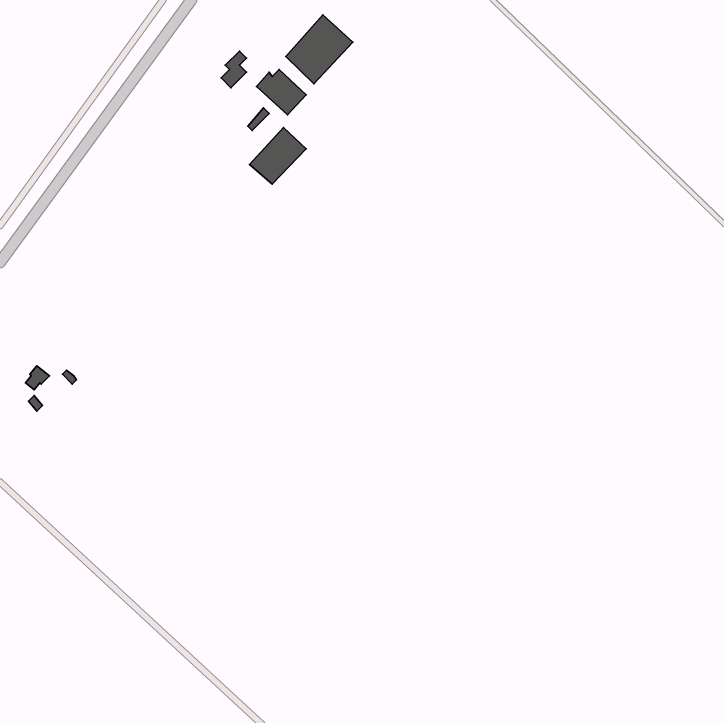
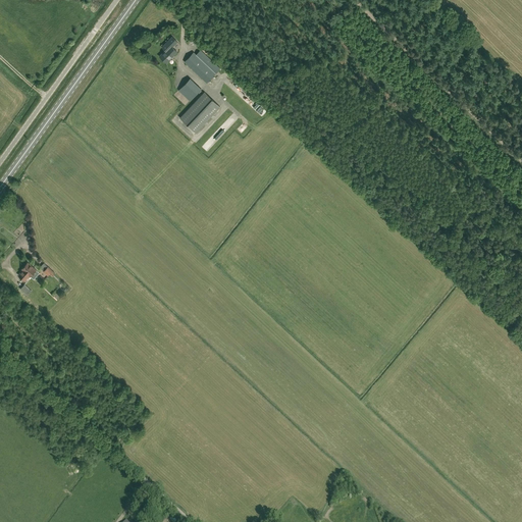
building: [286,15,353,84] -> none

